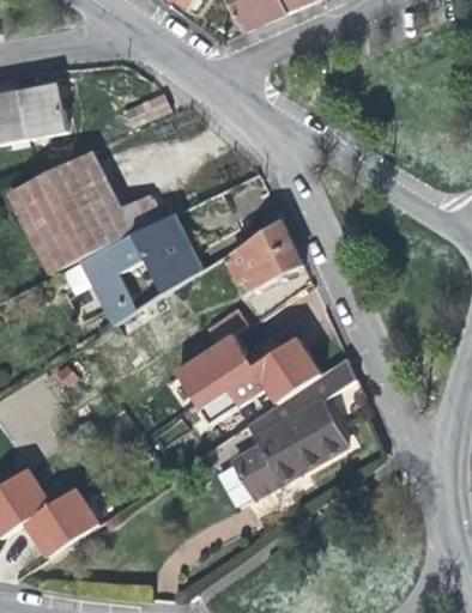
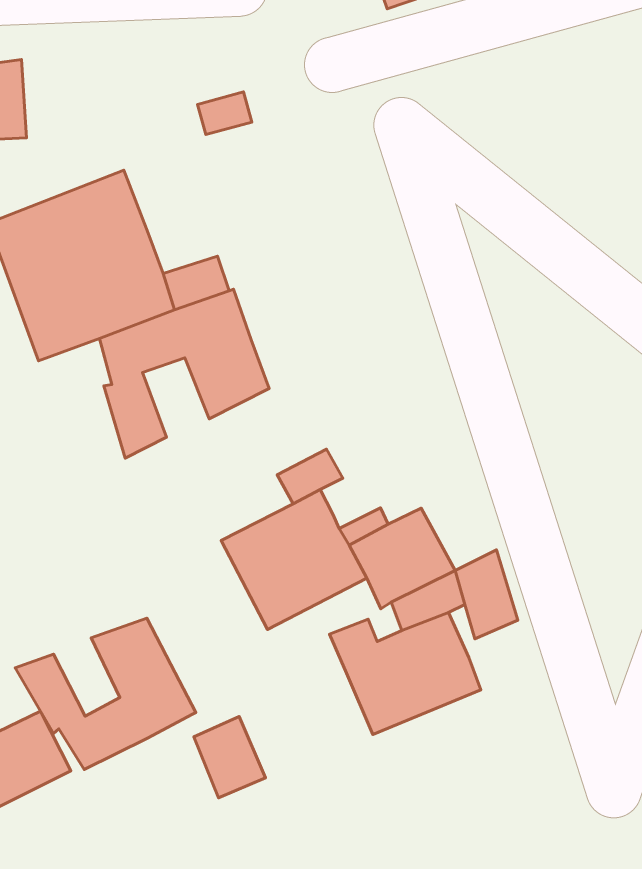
building: [20,81,68,136] -> none
building: [225,220,301,287] -> none
building: none -> [15,618,196,770]
building: [236,444,283,496] -> [194,717,265,798]

